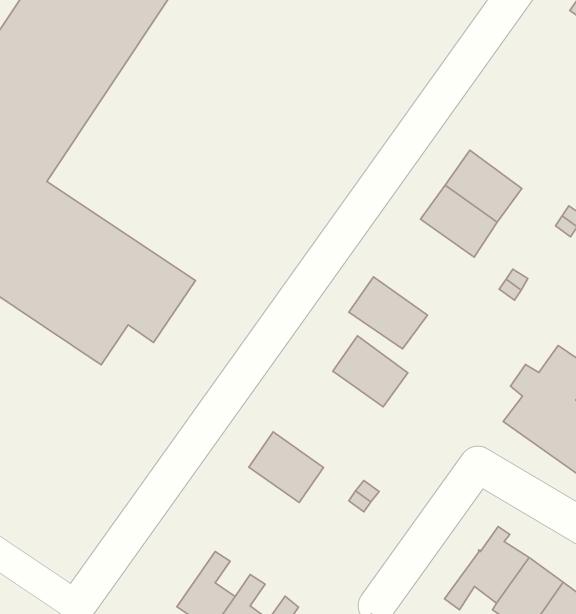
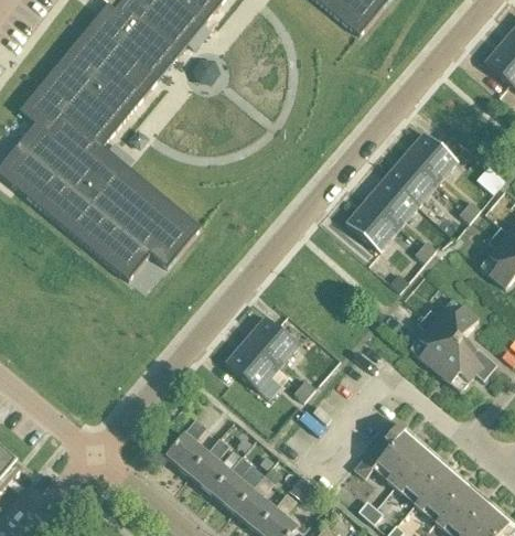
building: none -> [404,131,458,184]
building: [349,277,427,349] -> [344,199,399,251]
building: [333,336,408,407] -> [245,315,298,367]

